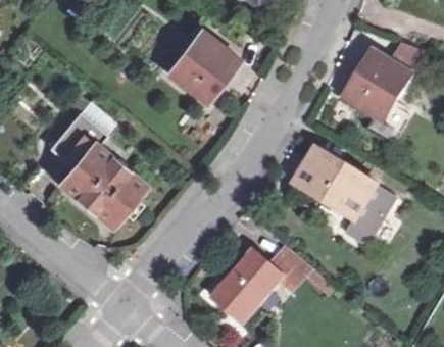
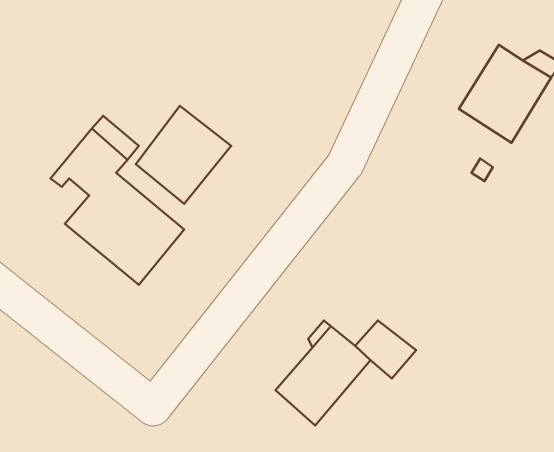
building: [170,30,239,100] -> [136,106,231,204]
building: [290,151,393,243] -> none

